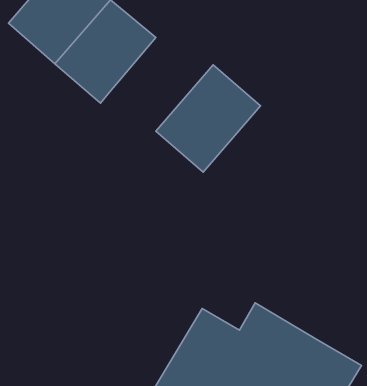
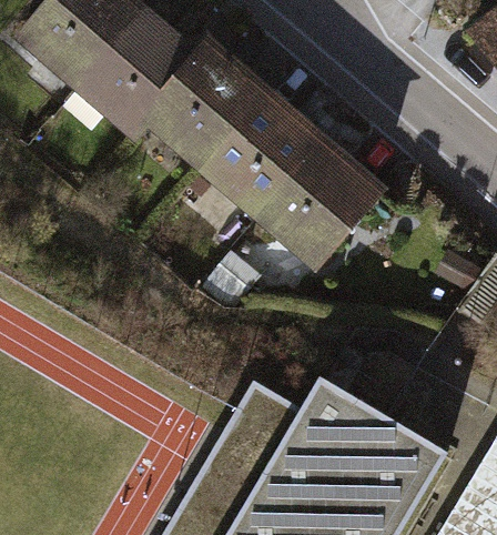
building: none -> [142,39,268,168]
building: none -> [256,137,385,268]

